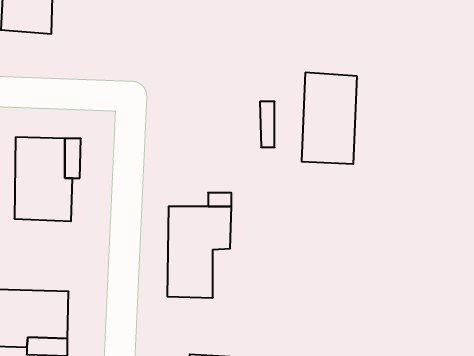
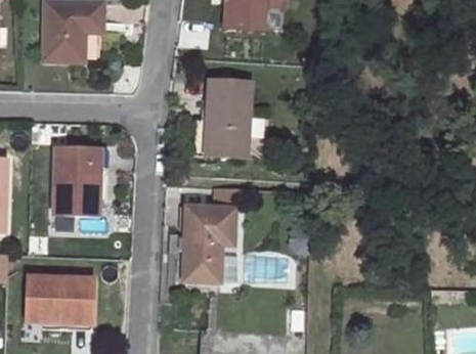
building: [302,73,357,164] -> [205,80,251,156]

